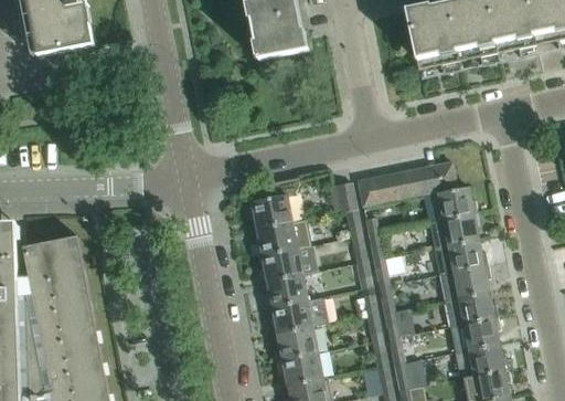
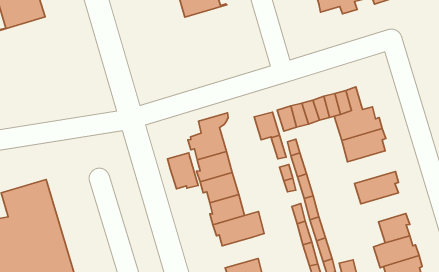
building: none -> [168,153,198,189]
building: [434,239,489,274] -> none
building: [445,289,497,325] -> none
building: [276,326,318,359] -> none

